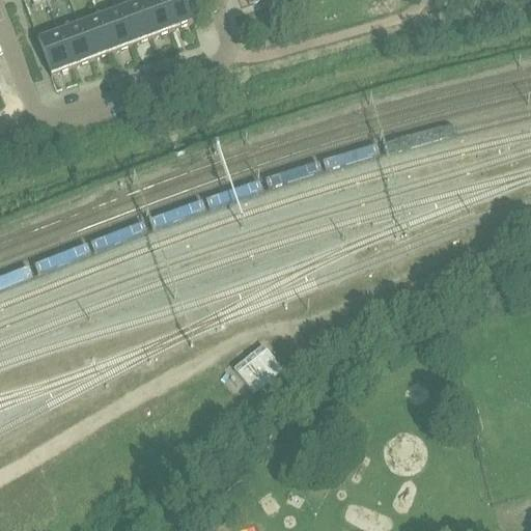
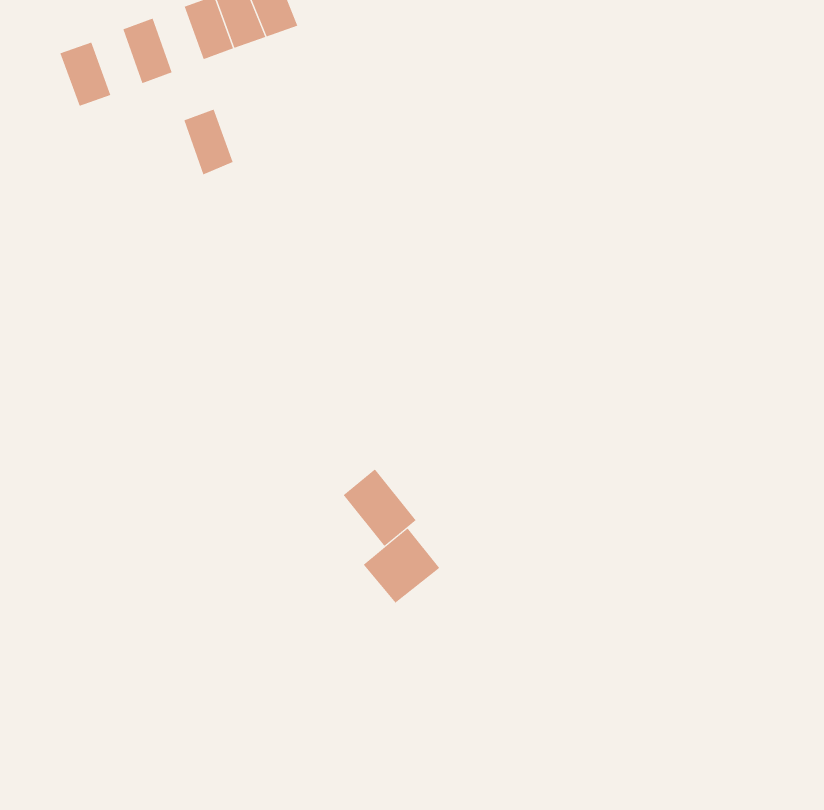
building: [99,4,131,47] -> [183,109,233,175]
building: [59,19,91,61] -> none
building: none -> [343,469,417,547]

